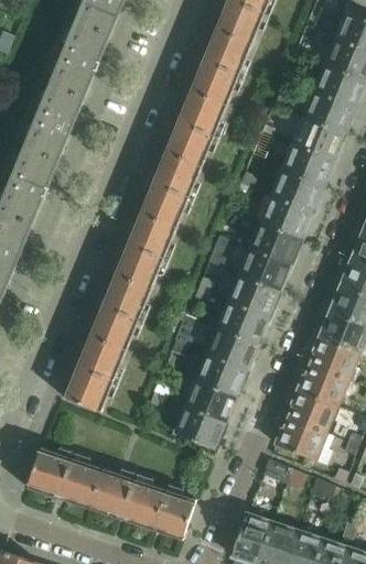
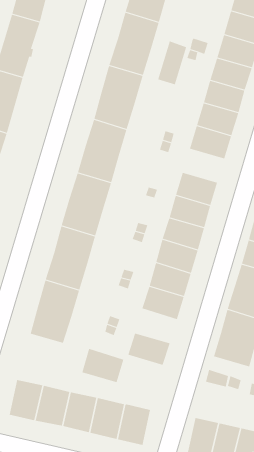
building: none -> [157,40,187,85]
building: [259,197,311,240] -> none
building: [184,379,236,423] -> [81,348,124,383]

